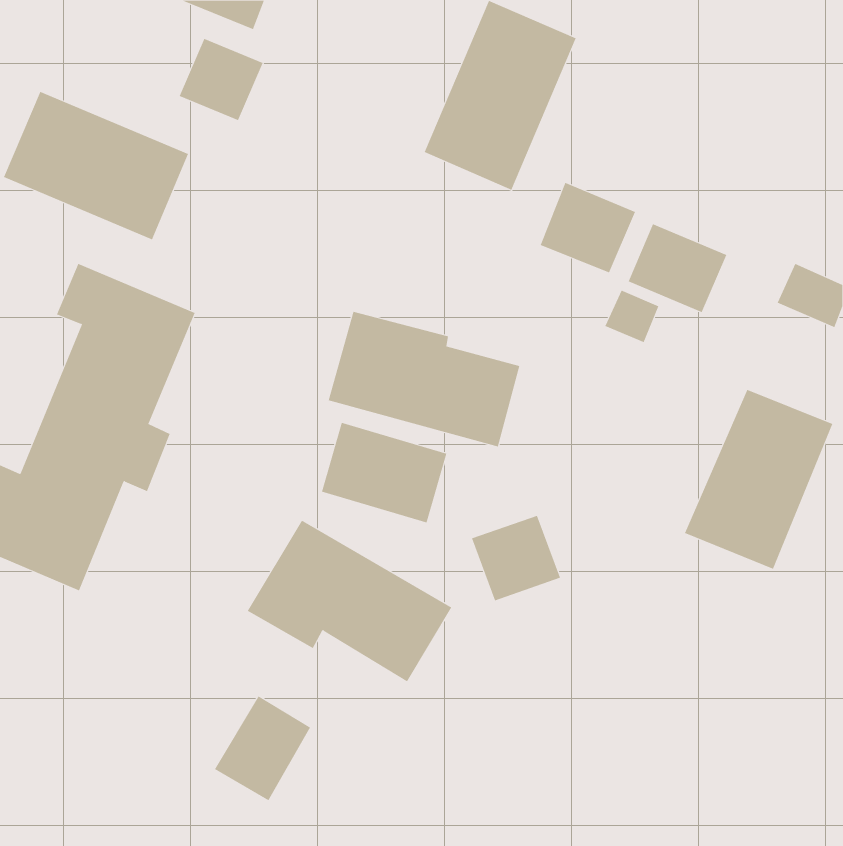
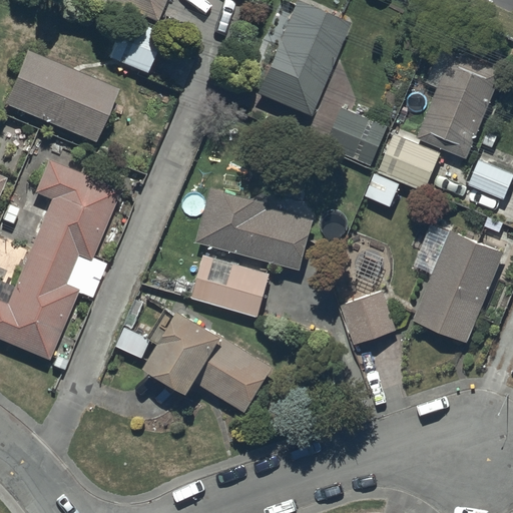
building: none -> [416,42,500,148]
building: [471,515,561,601] -> [343,292,397,344]
building: [214,696,311,801] -> none

